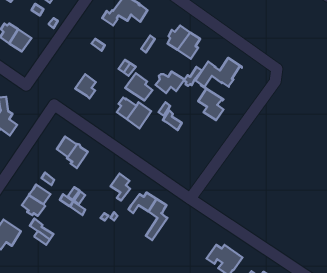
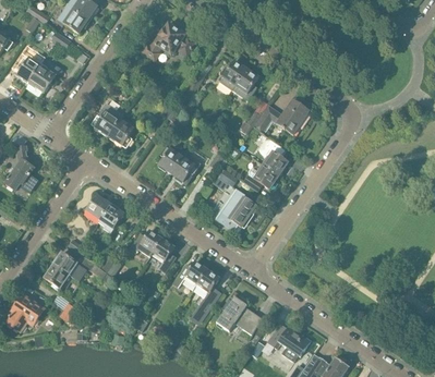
building: none -> [90,102,122,136]
building: [155,71,184,93] -> [243,165,278,191]
building: [125,73,152,100] -> none
building: none -> [208,188,256,233]
building: none -> [130,230,161,256]
building: none -> [216,295,262,335]

